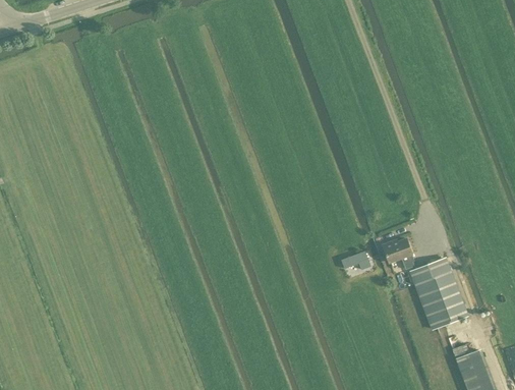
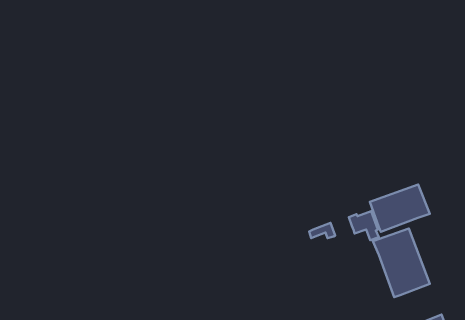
building: none -> [370,184,430,232]

